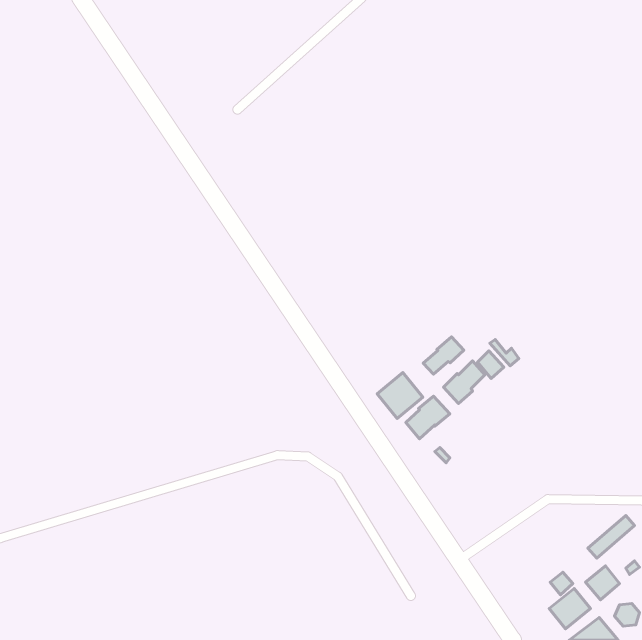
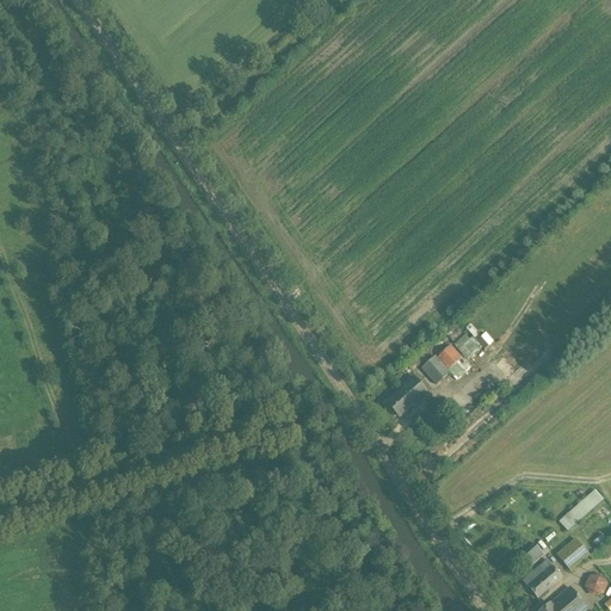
building: [423,337,464,374] -> none
building: [377,373,423,418] -> none

